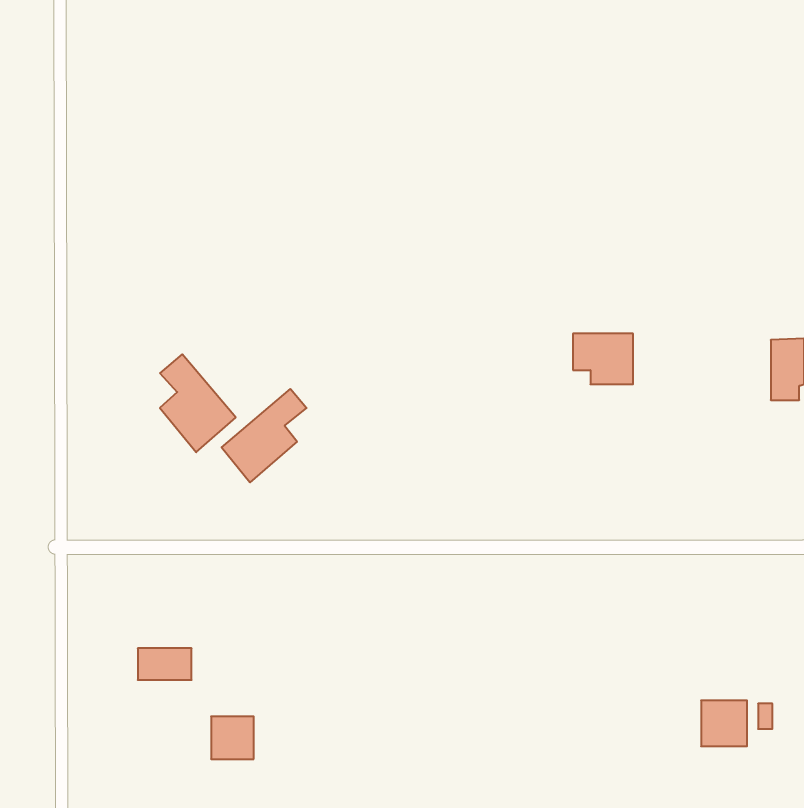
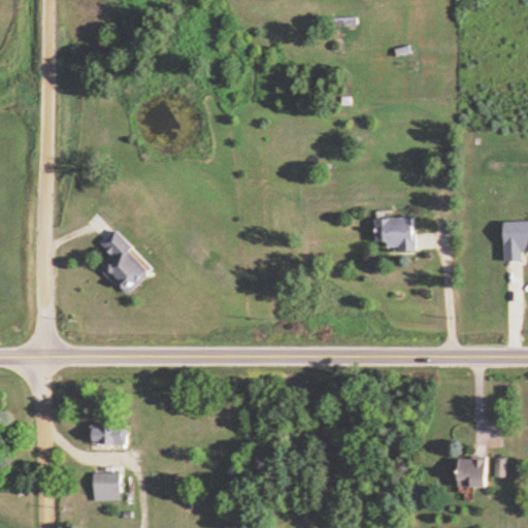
building: [222,389,307,482] -> none
building: [211,716,254,759] -> [92,472,120,500]

